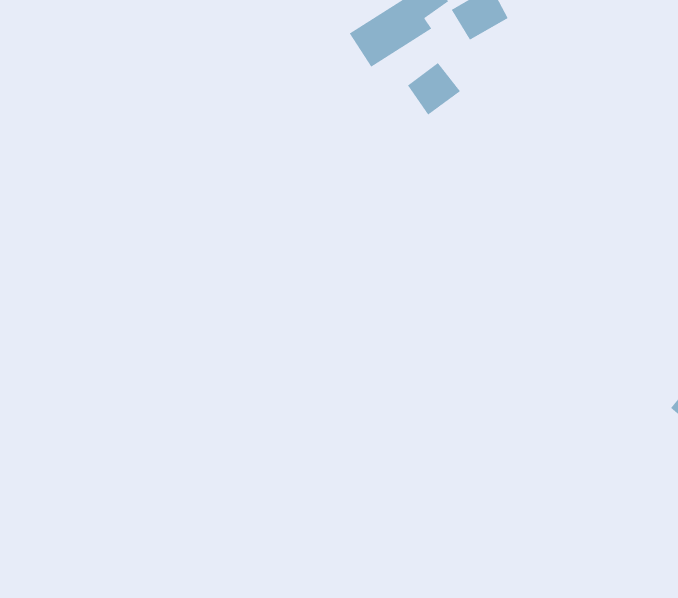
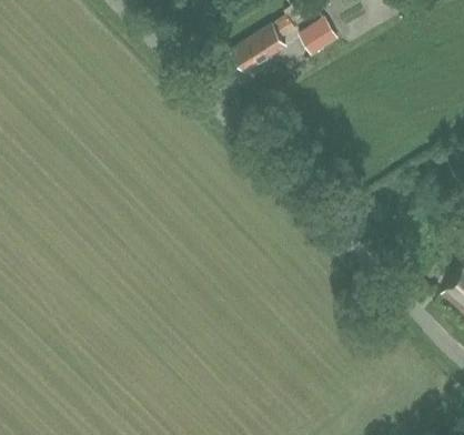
building: [407,62,461,115] -> none

